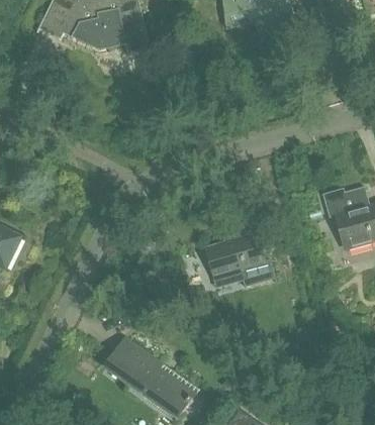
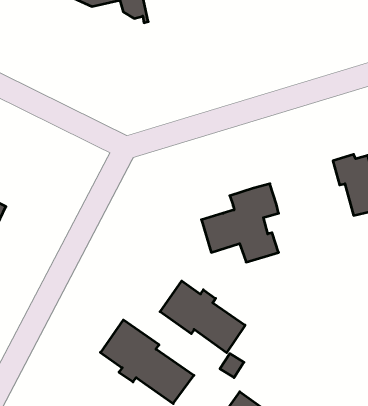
building: none -> [160,281,245,353]

